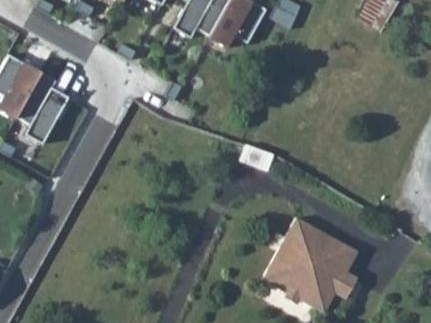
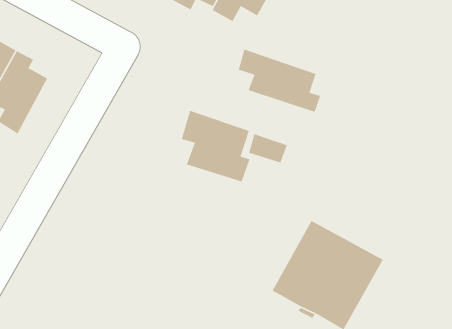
building: none -> [238,48,321,113]
building: none -> [181,110,250,182]

